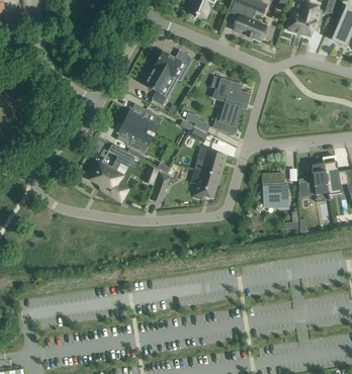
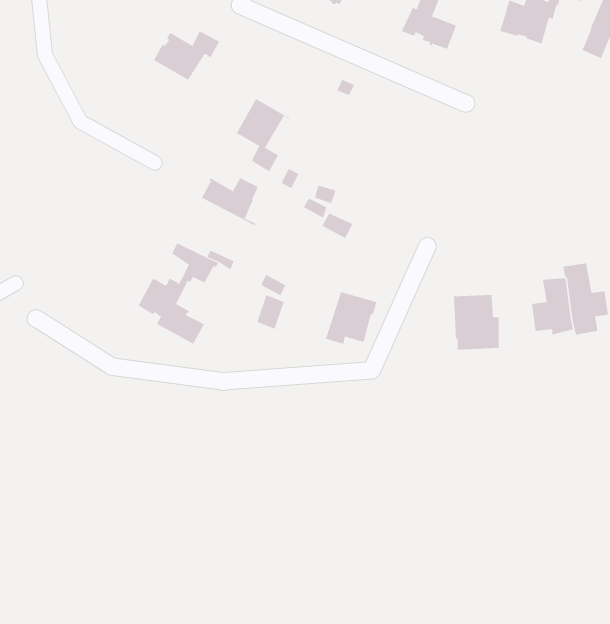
building: [154,49,190,76] -> [153,30,220,81]
building: [212,78,249,134] -> none
building: [118,119,154,150] -> none
building: [195,149,227,176] -> none

